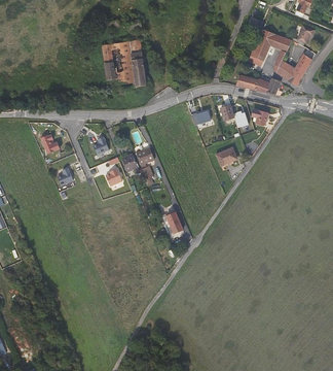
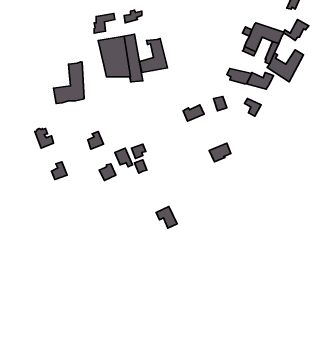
building: none -> [139,39,167,72]
building: none -> [54,62,84,103]

